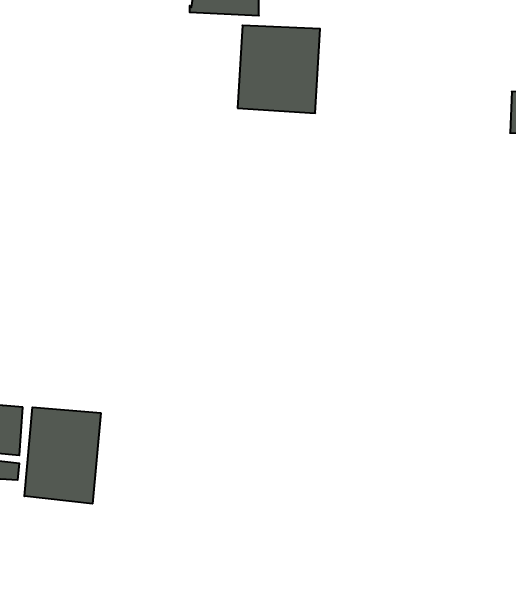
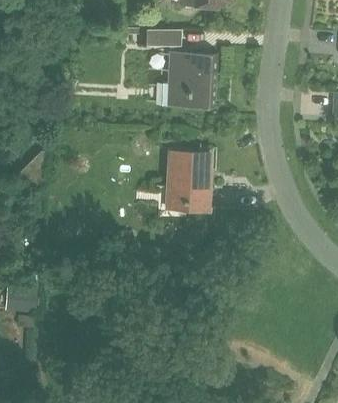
building: none -> [170,151,208,209]
building: [24,407,101,504] -> none

